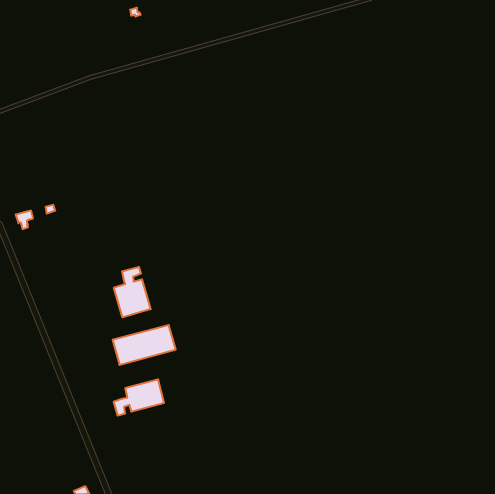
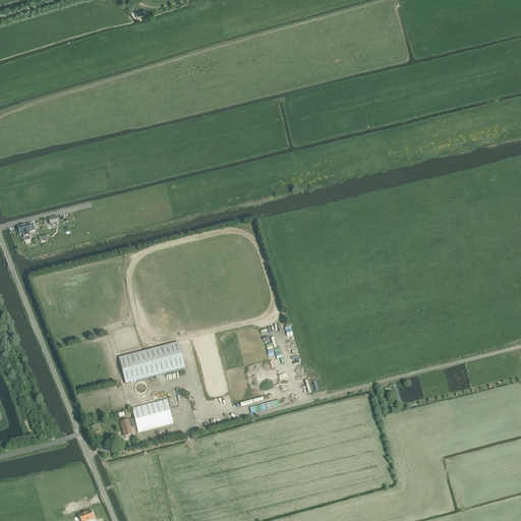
building: [114,267,151,317] -> none

